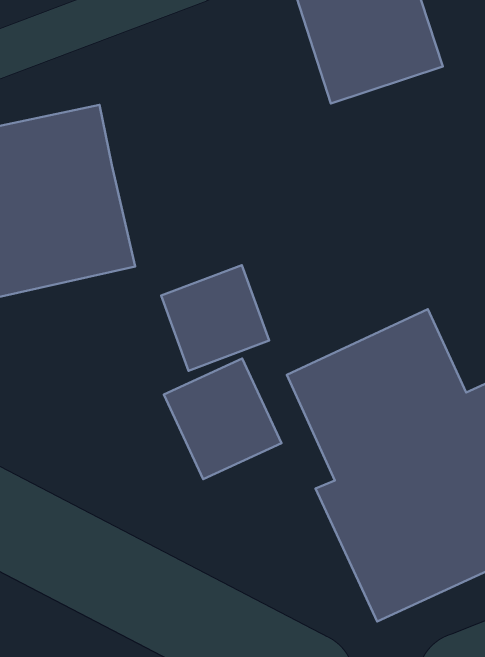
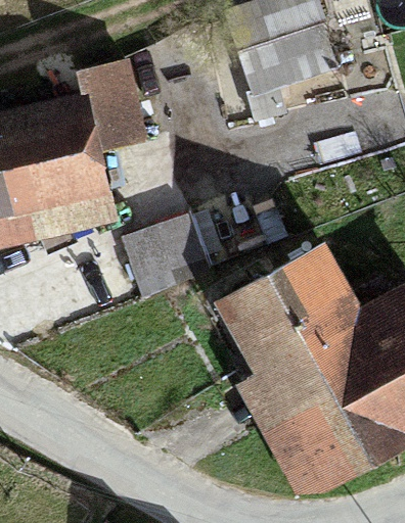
building: none -> [75,63,139,142]
building: [164,358,282,479] -> none

